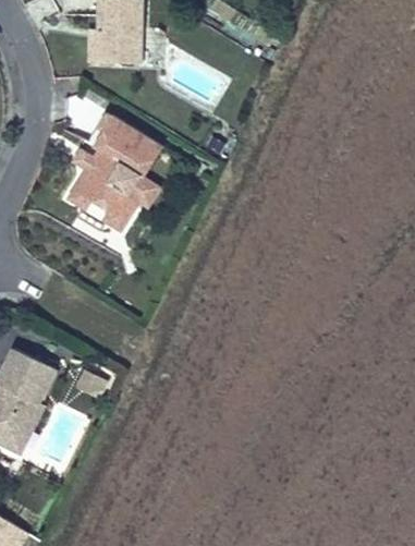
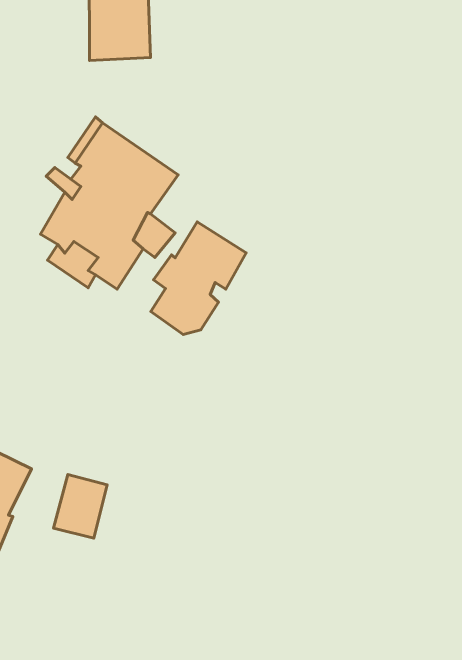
building: none -> [151,222,246,334]

